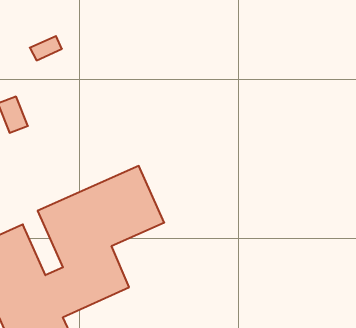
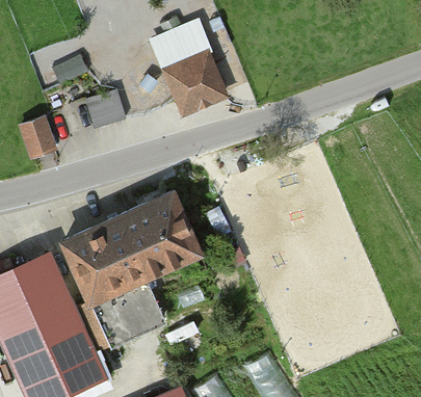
building: none -> [156,31,223,112]
building: none -> [85,91,124,128]

